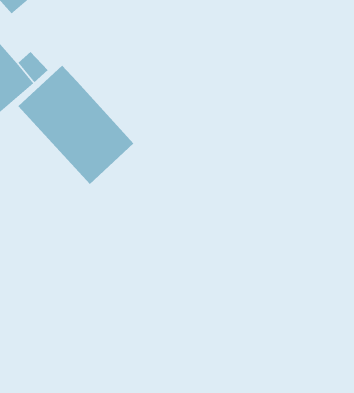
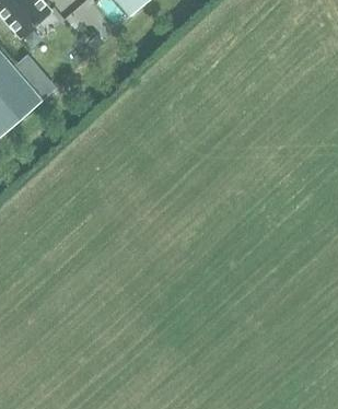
building: [18,65,134,185] -> none

